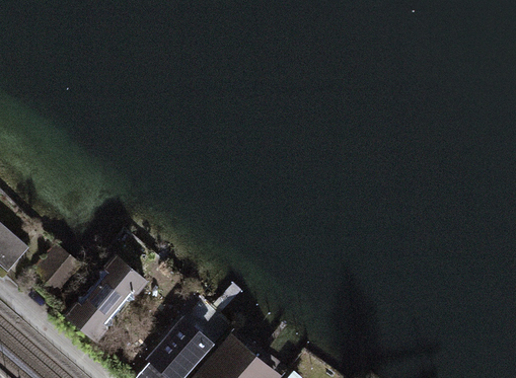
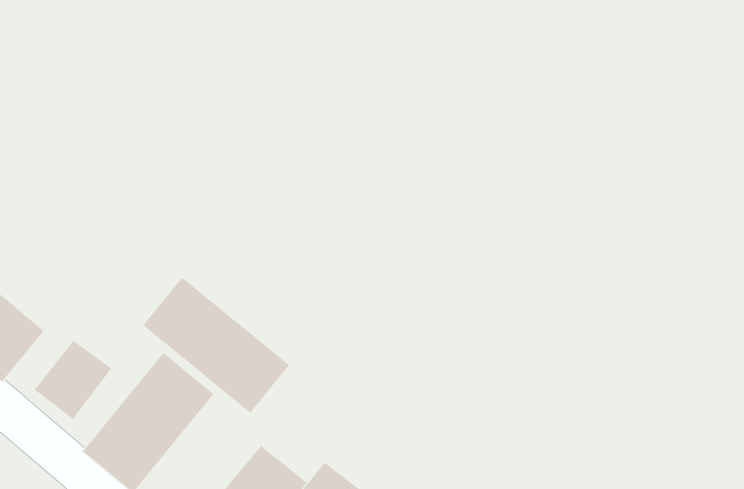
building: none -> [143,277,290,414]

